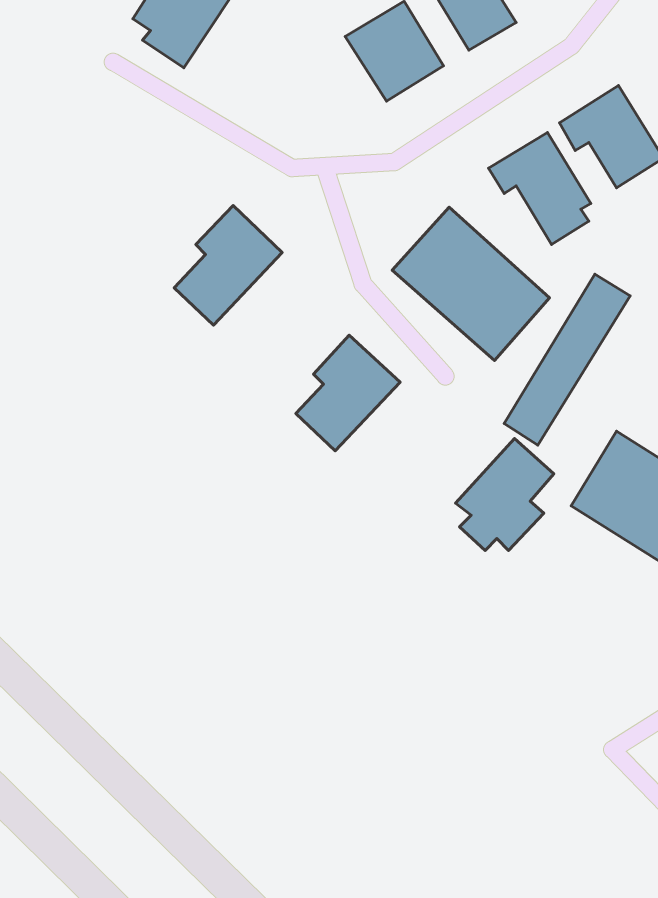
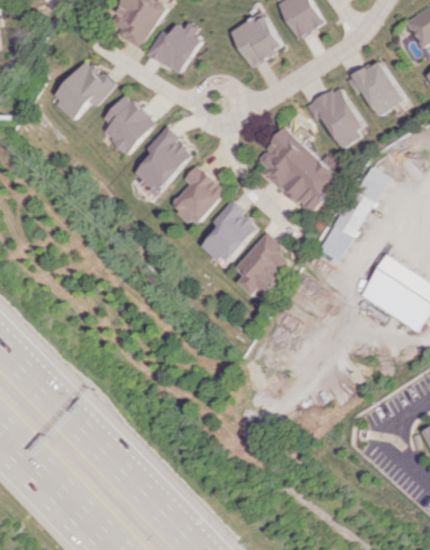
building: none -> [144,22,199,74]
building: none -> [48,59,112,119]
building: none -> [100,93,154,154]
building: none -> [168,164,224,226]
building: [456,438,554,550] -> [233,232,288,295]

